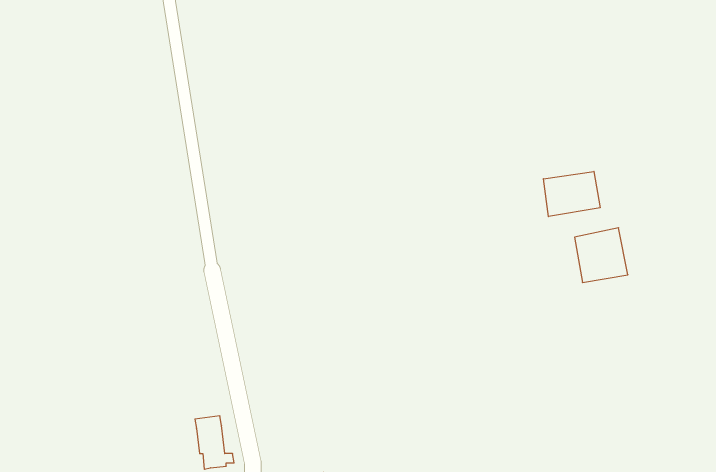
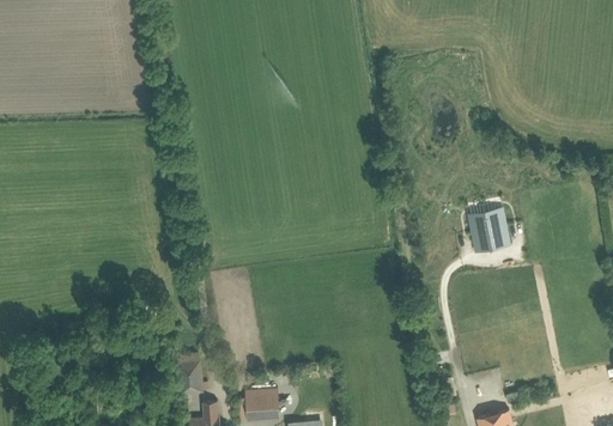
building: [543,171,600,217] -> none

